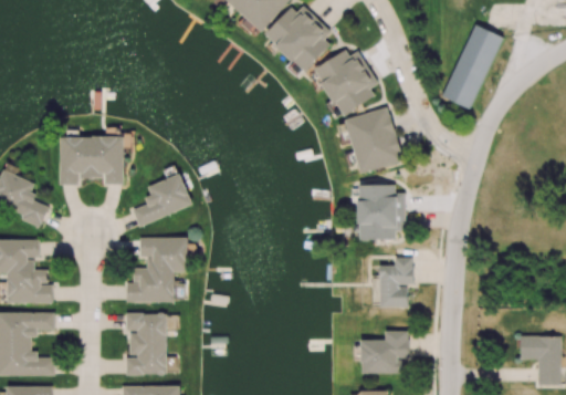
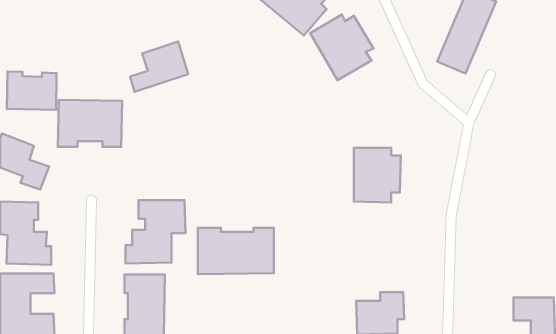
building: none -> [7,71,57,110]
building: [345,107,403,173] -> none
building: [133,174,191,225] -> [130,41,188,92]
building: [373,258,413,308] -> none
building: none -> [198,228,274,274]

